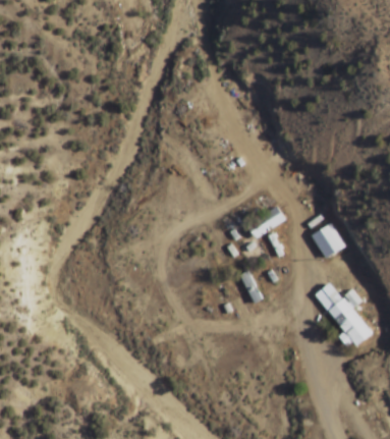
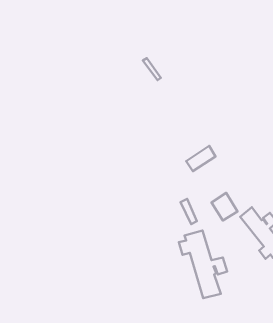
building: [312,223,344,258] -> [211,193,238,221]
building: none -> [179,230,227,298]

